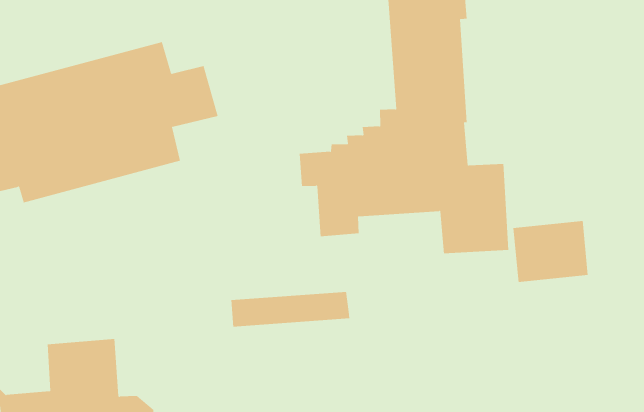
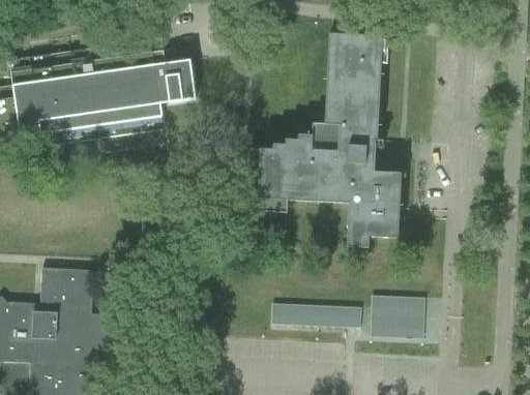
building: [513,221,589,282] -> [372,293,426,335]
building: [231,291,350,327] -> [270,302,359,327]

